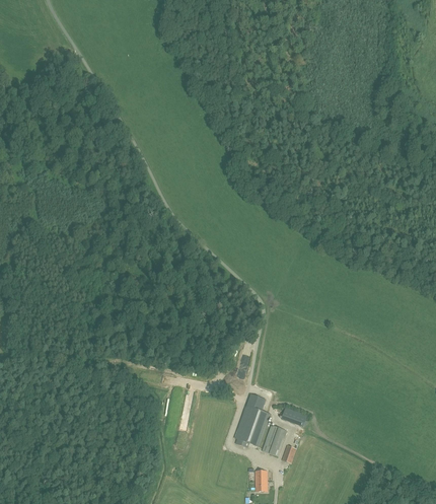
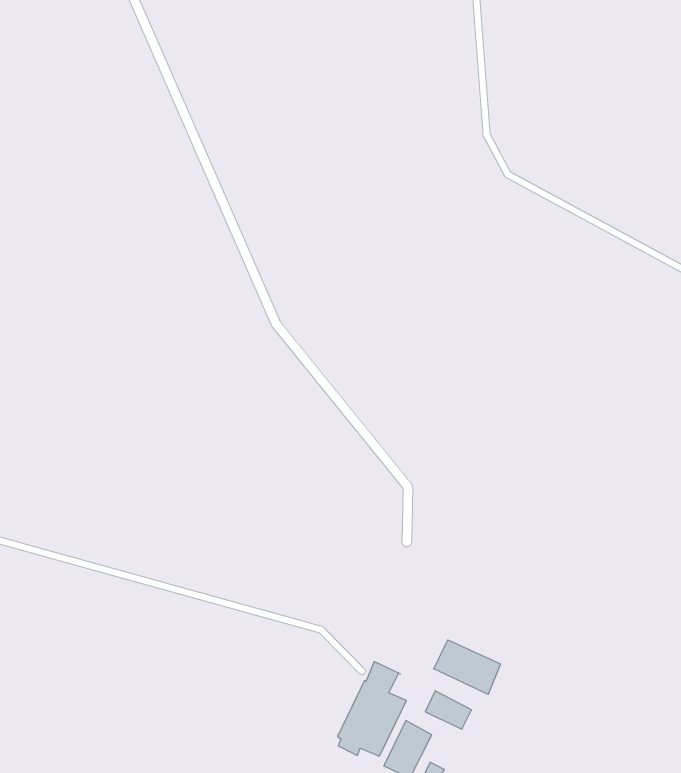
building: none -> [434,640,501,694]

